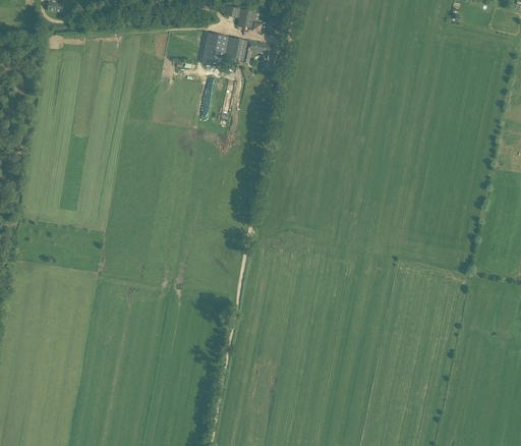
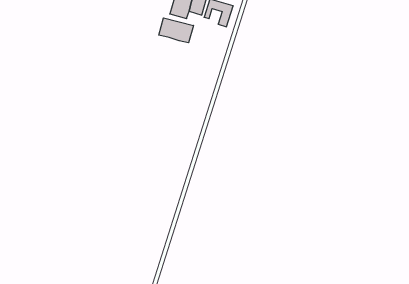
building: none -> [159,18,193,43]

